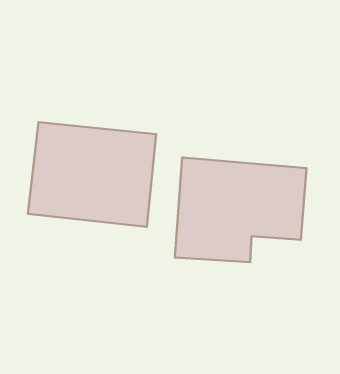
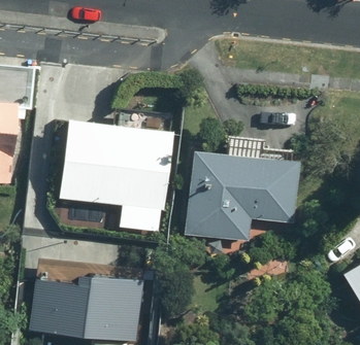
building: none -> [36,267,144,336]

